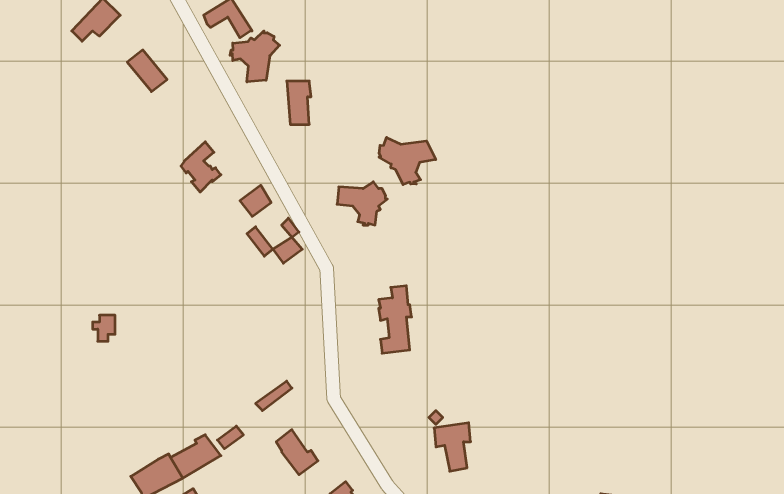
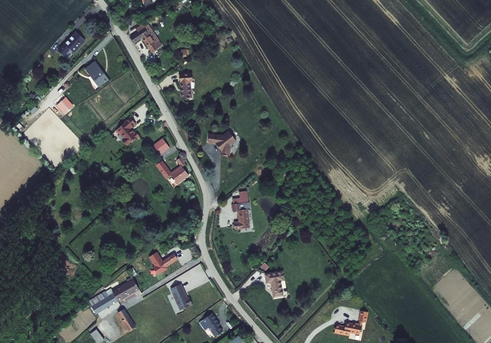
building: [230,31,280,82] -> none
building: [379,137,436,185] -> none

